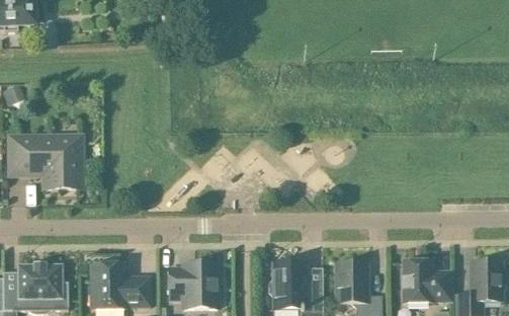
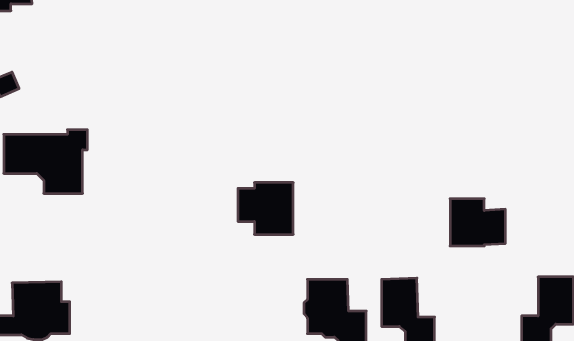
building: [403,260,450,301] -> [450,199,505,246]
building: [169,262,217,307] -> [238,183,293,234]
building: [90,263,150,307] -> none

